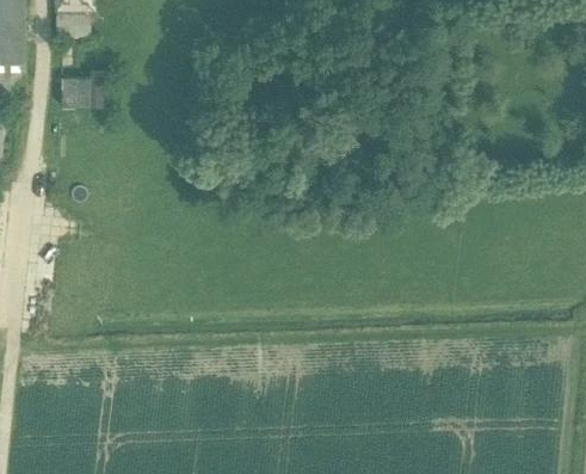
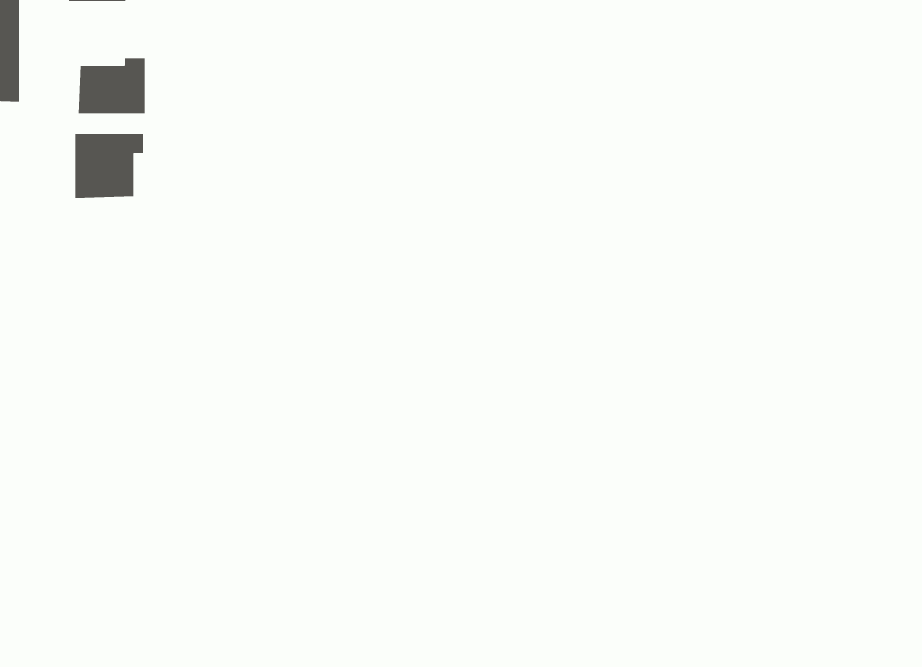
building: none -> [75,133,143,199]

